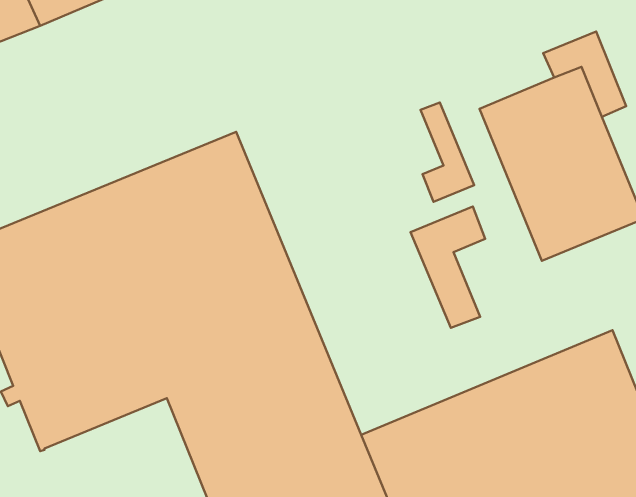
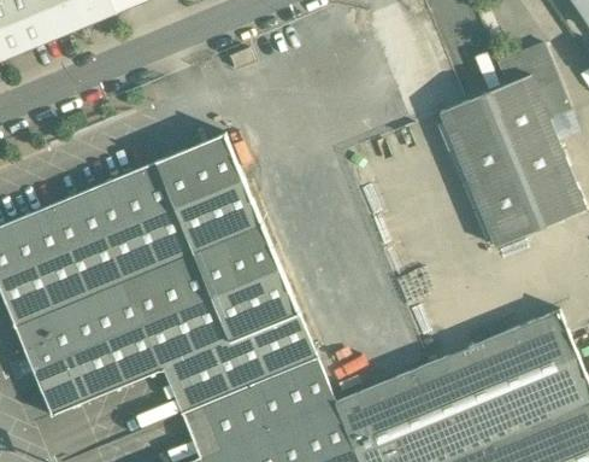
building: [420,103,474,202] -> none
building: [410,207,485,328] -> none

